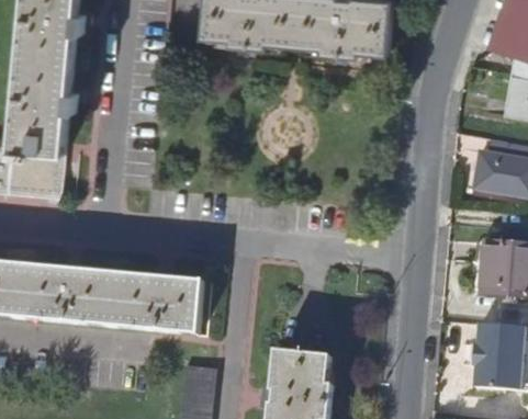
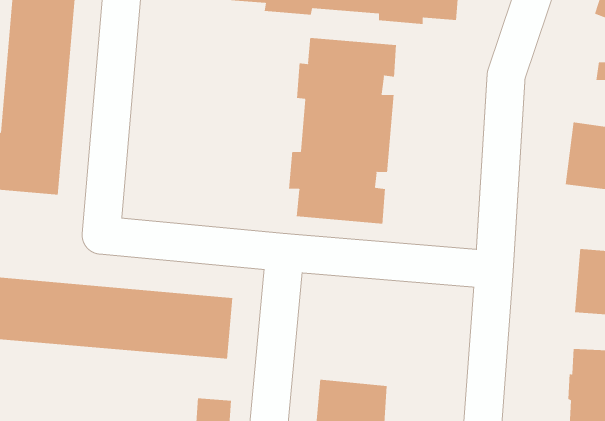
building: none -> [289,37,396,224]

